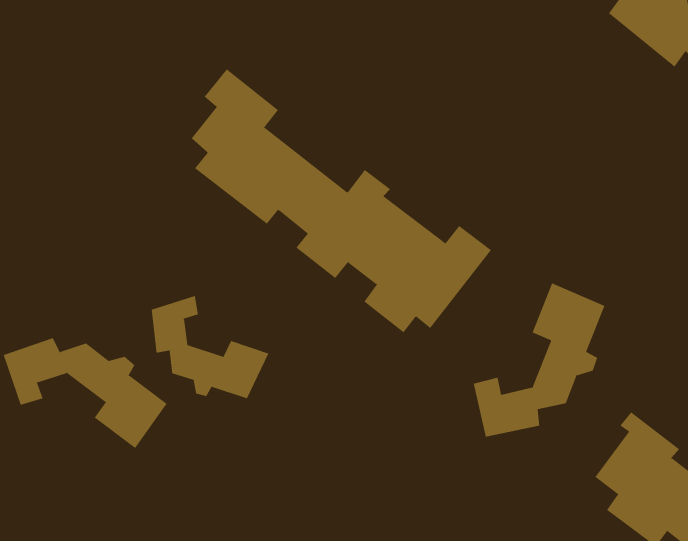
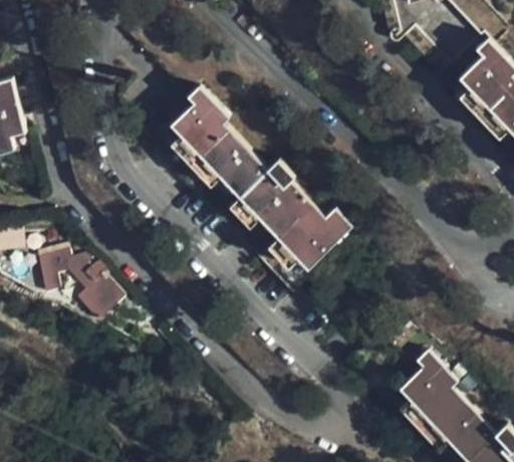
building: [473,283,605,438] -> none
building: [151,295,269,399] -> none

